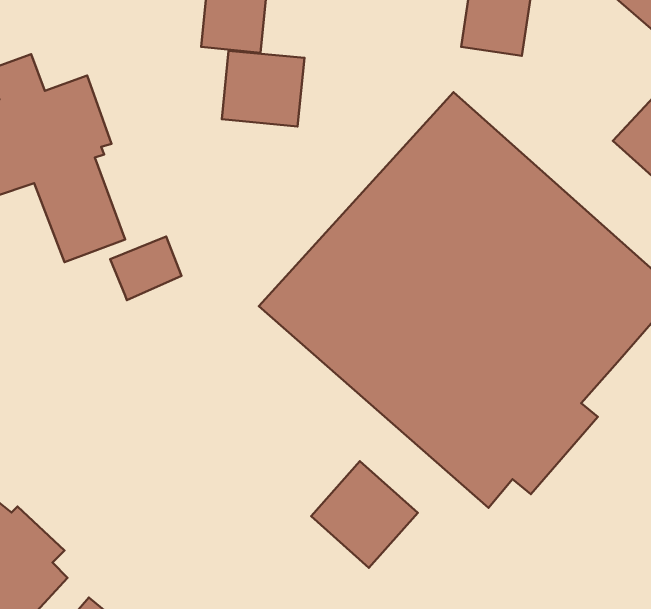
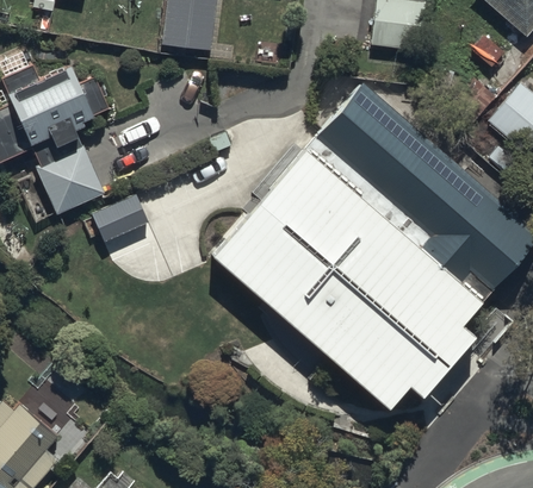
building: [222,51,304,126] -> none
building: [311,461,418,568] -> none

